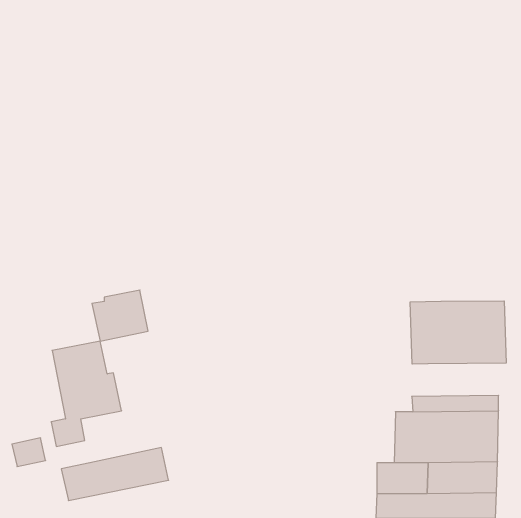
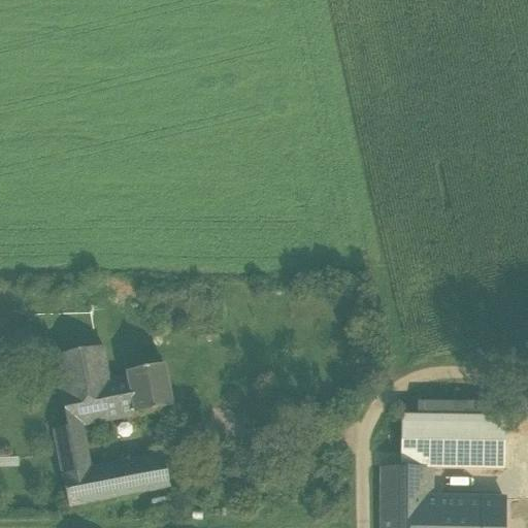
building: [92,290,148,341] -> [114,363,171,415]
building: [410,301,506,364] -> none
building: [12,438,46,467] -> [57,444,91,473]

